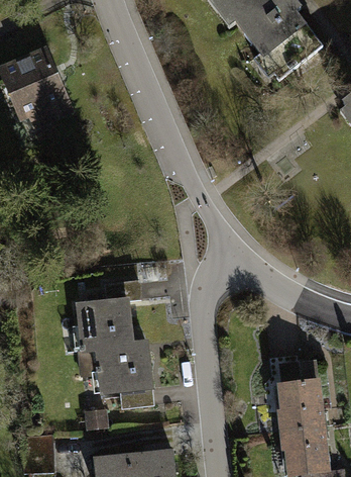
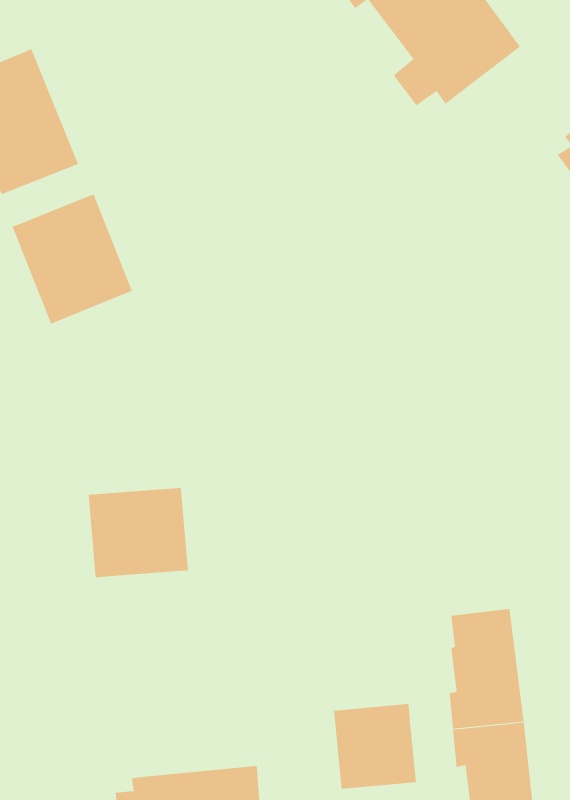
building: none -> [12,193,133,325]
building: [94,340,153,392] -> none
building: none -> [333,703,417,790]

